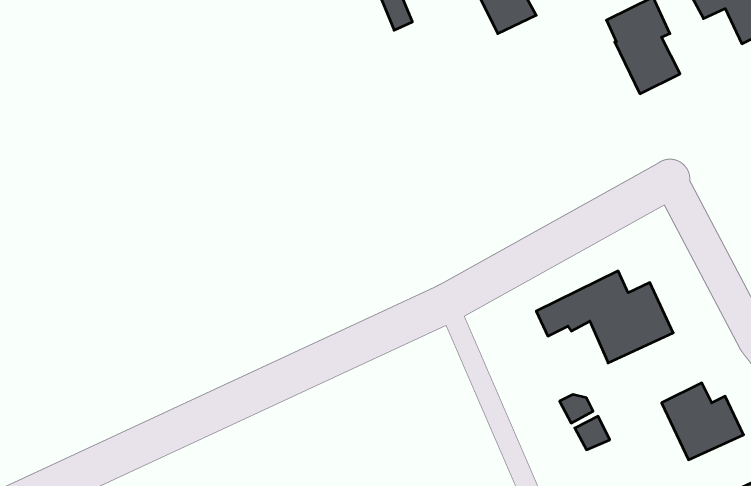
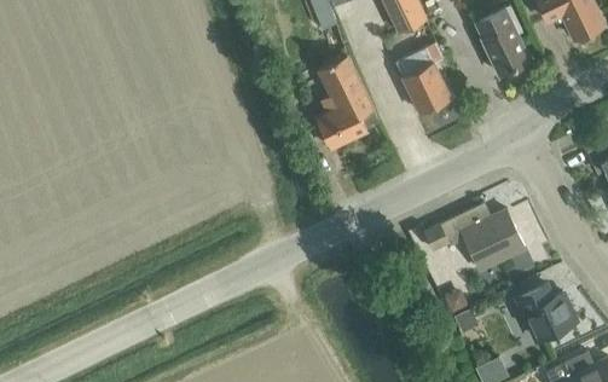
building: none -> [395,44,448,114]
building: none -> [314,53,378,149]

